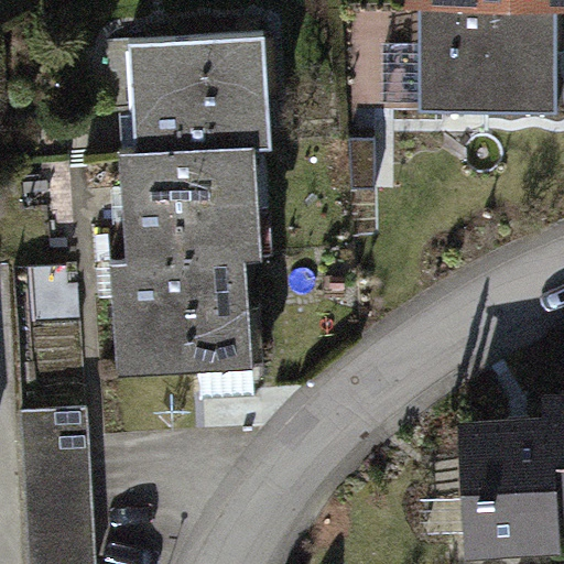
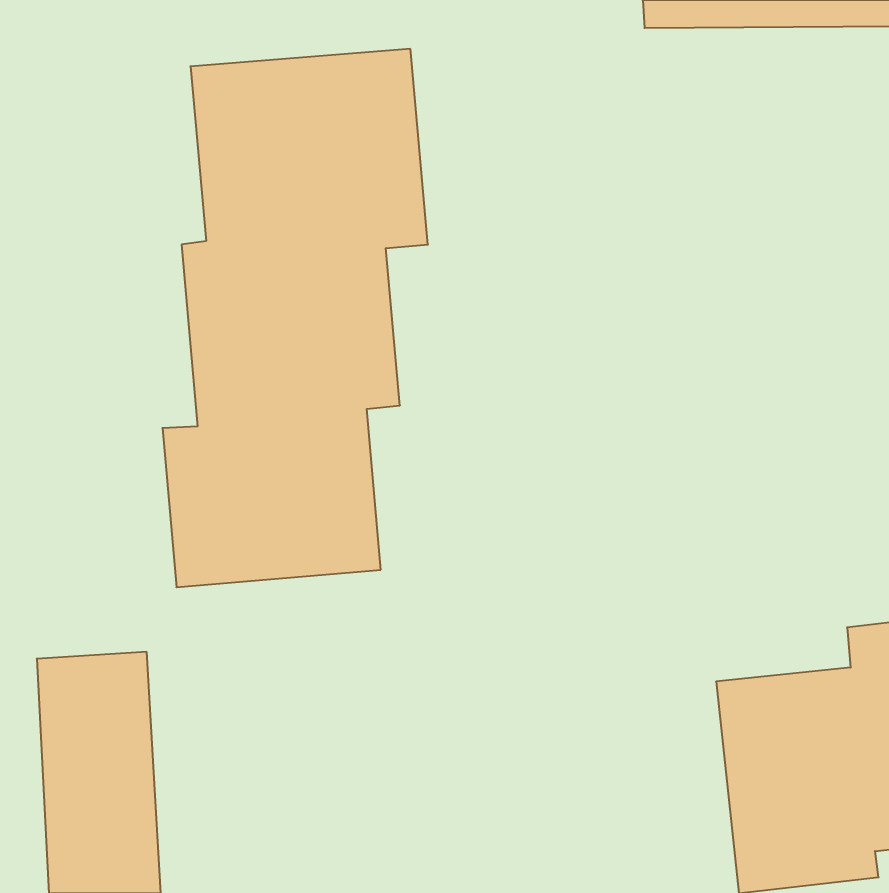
building: [421,22,557,117] -> none

